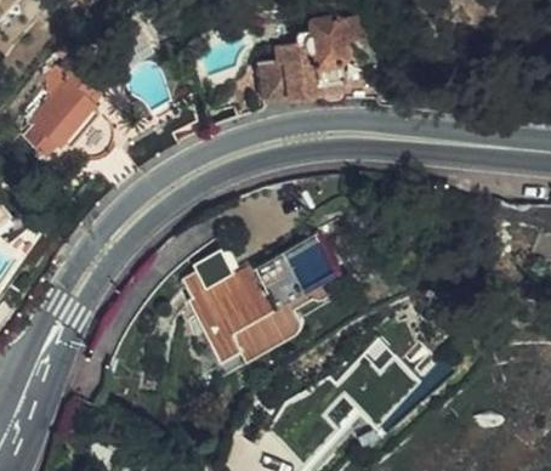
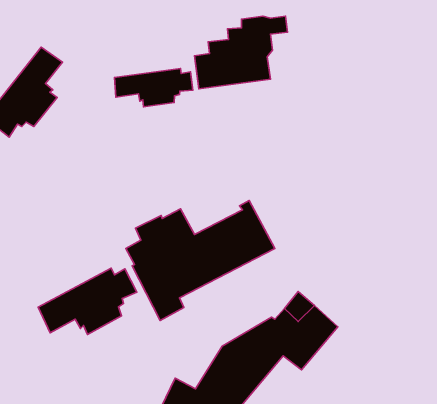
building: none -> [115,69,193,107]
building: none -> [38,268,137,334]

